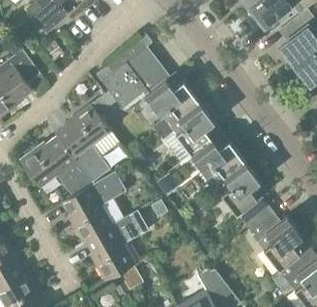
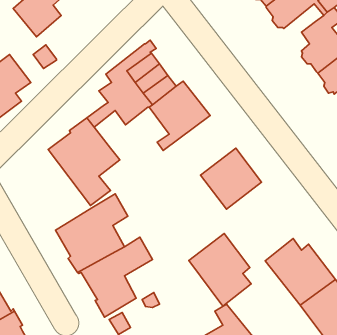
building: [157,103,222,156] -> none
building: [20,133,94,199] -> none
building: [213,162,268,226] -> [189,234,251,306]

